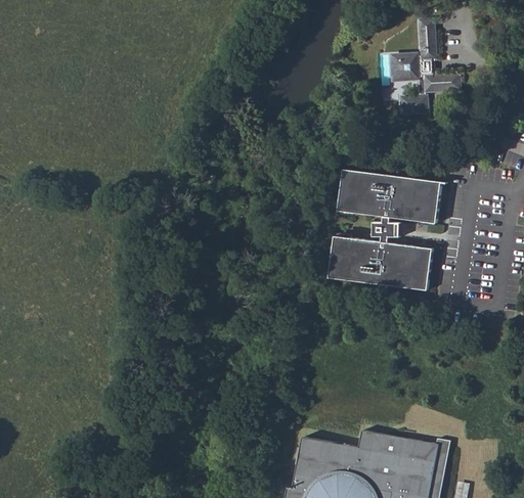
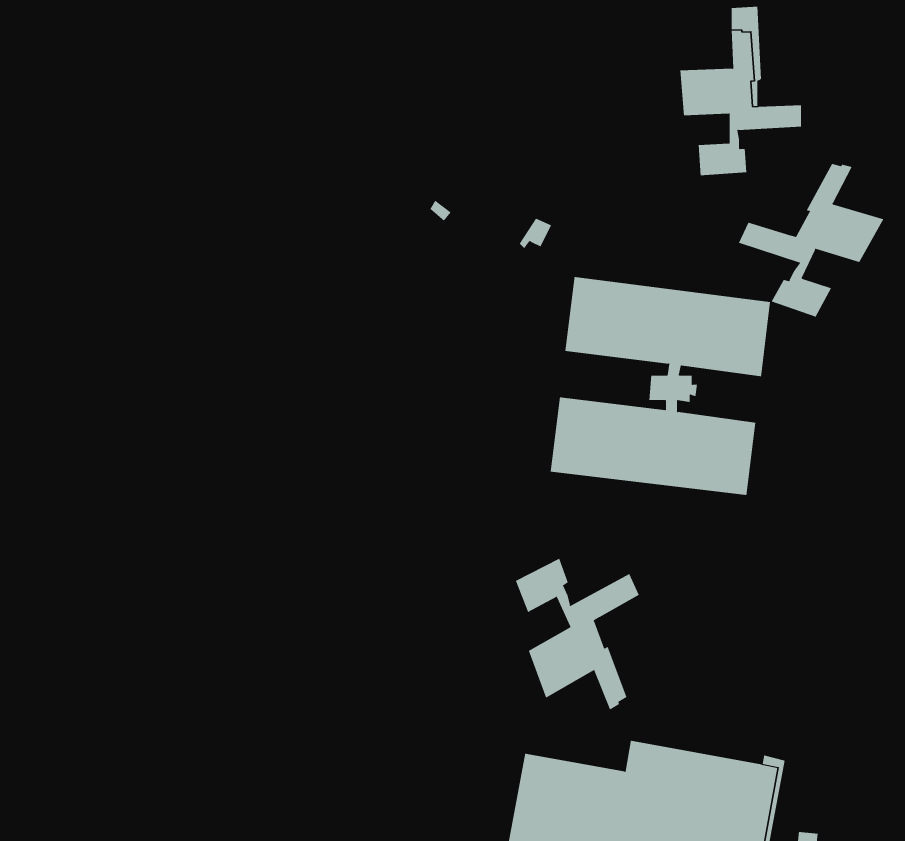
building: none -> [738,163,884,318]
building: none -> [515,558,639,711]

